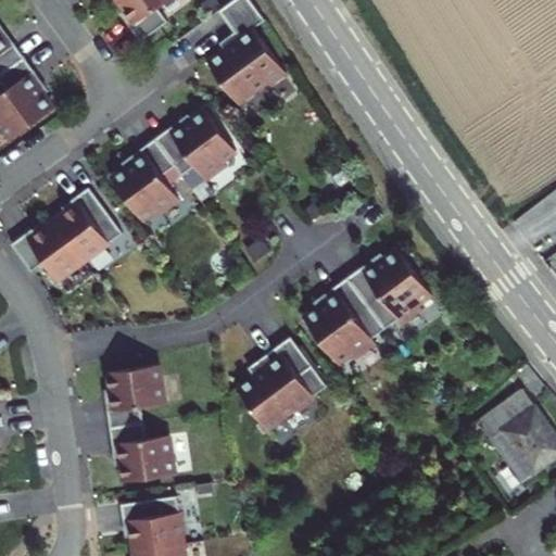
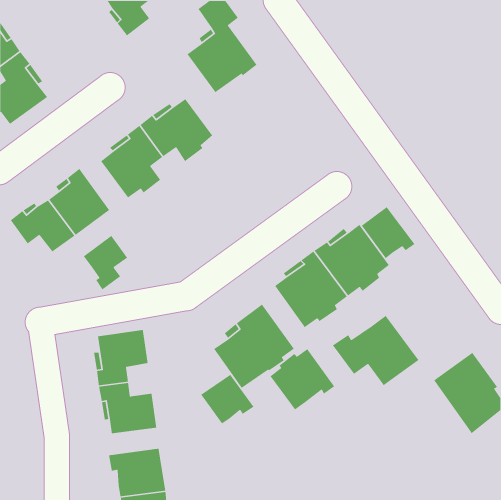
building: none -> [361,206,416,259]
building: none -> [83,235,128,290]
building: none -> [332,315,419,386]
building: none -> [269,348,335,411]
building: none -> [200,374,255,424]

